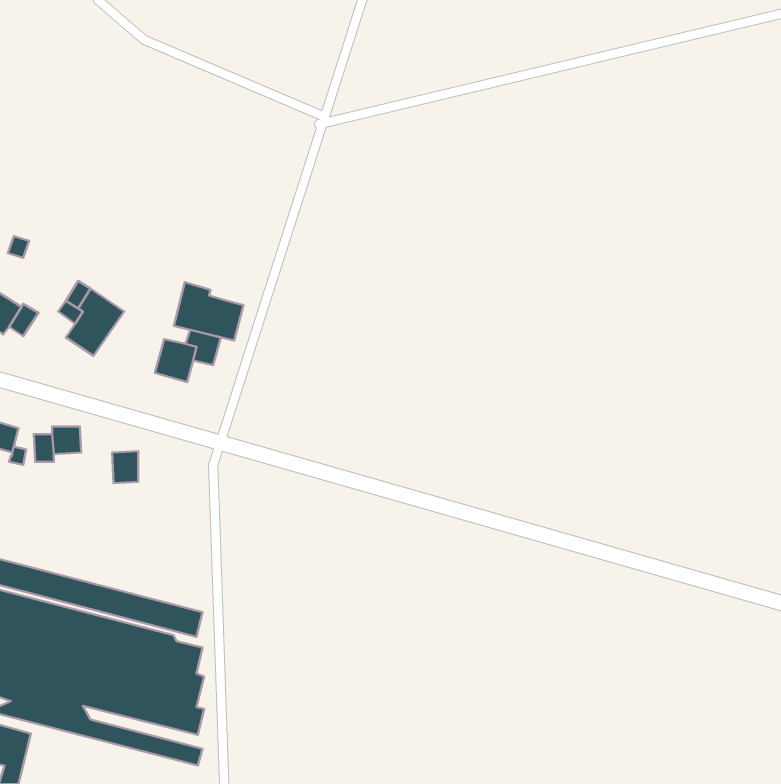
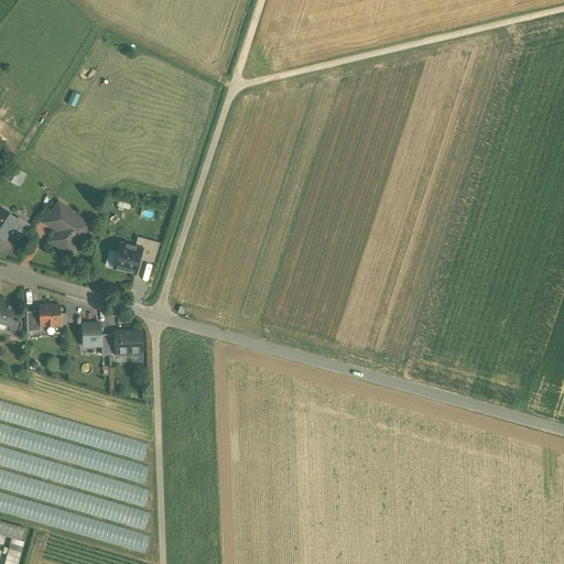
building: [174,282,243,341] -> none
building: none -> [112,332,140,355]

